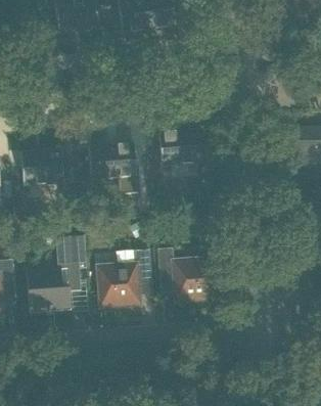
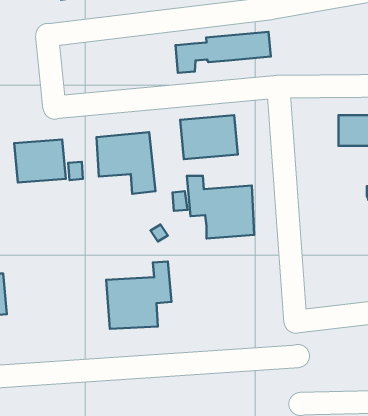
building: none -> [175,32,271,73]
building: [25,234,86,312] -> none
building: [157,249,214,301] -> [187,176,254,238]

